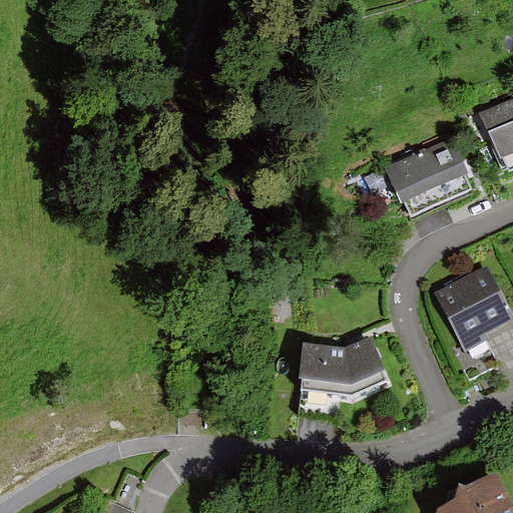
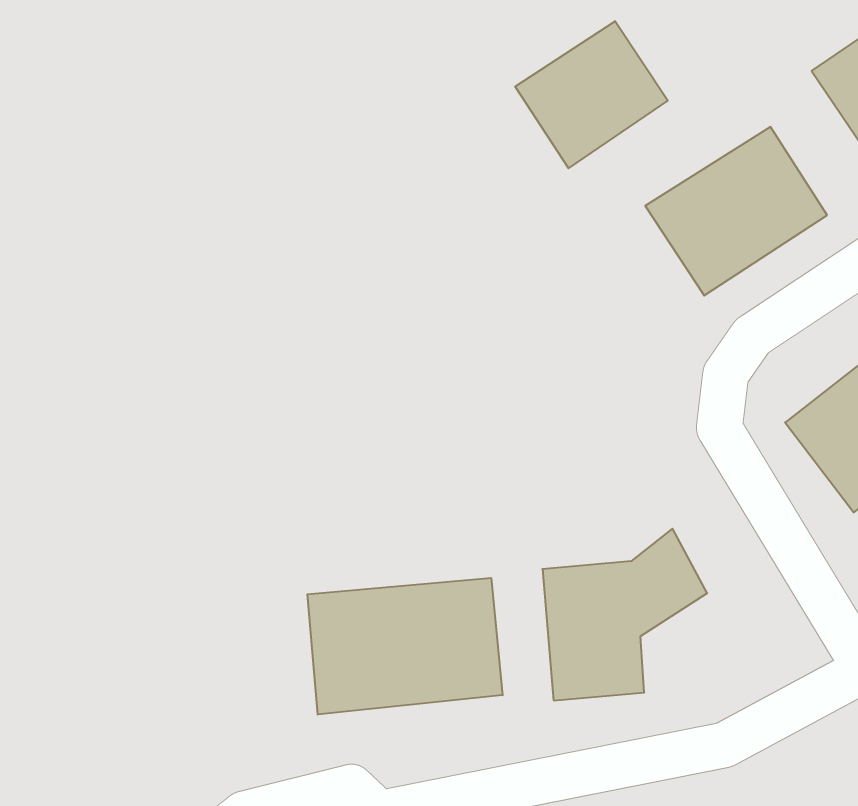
building: none -> [515,21,668,168]
building: none -> [307,578,503,715]

